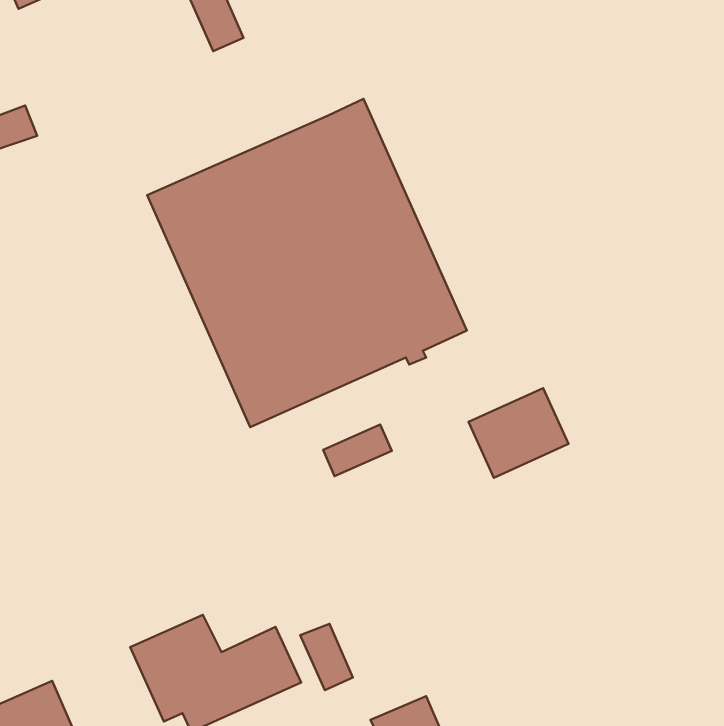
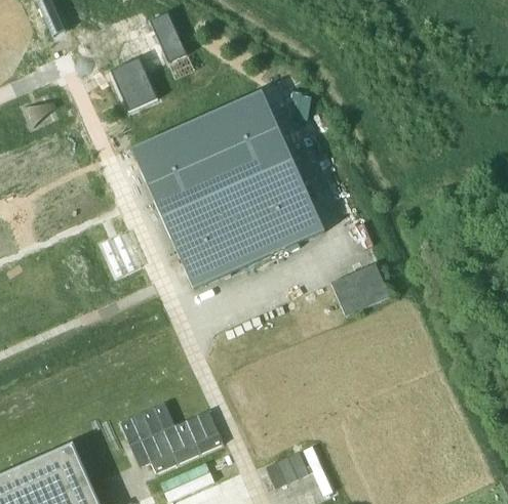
building: none -> [106,55,154,110]
building: [323,424,392,476] -> none
building: [300,624,353,690] -> none

